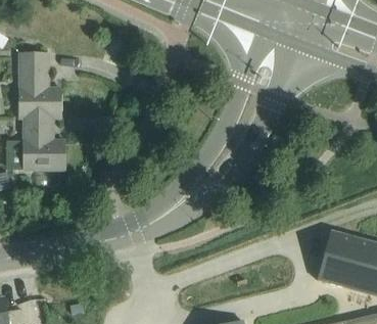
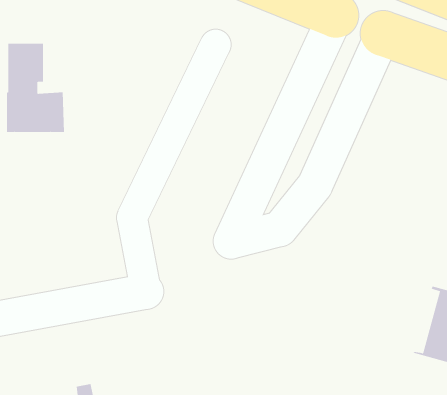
building: [21,117,65,169] -> none

